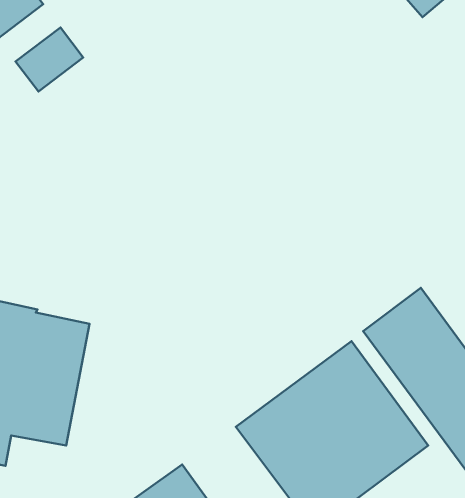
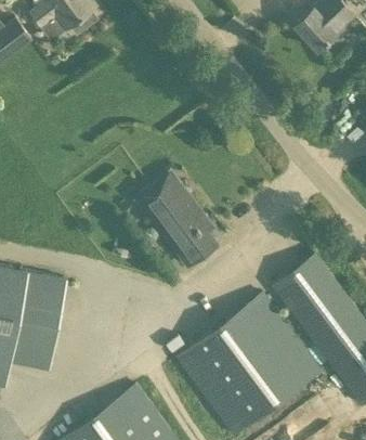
building: [16,28,83,91] -> none
building: none -> [136,172,218,269]

